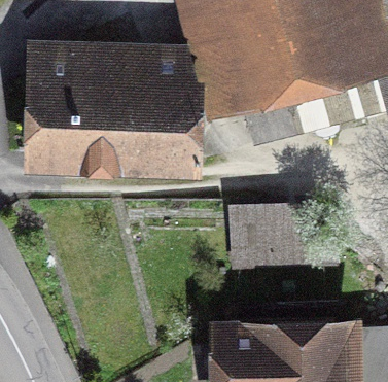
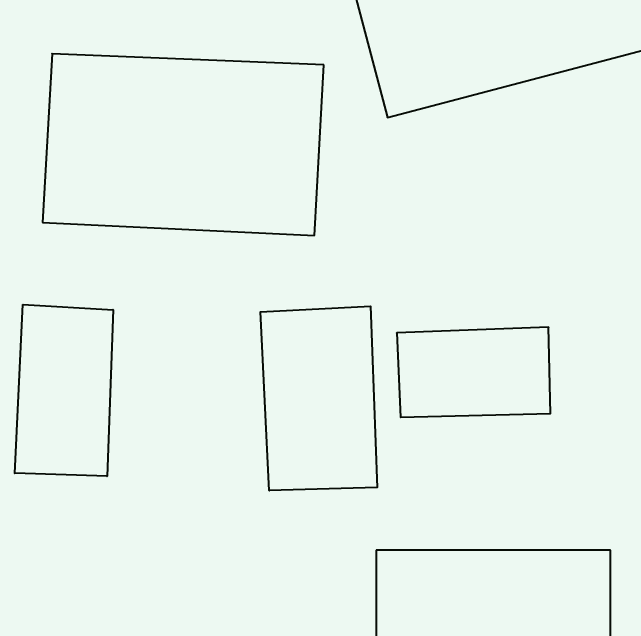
building: none -> [15,305,113,476]
building: none -> [260,306,377,491]

